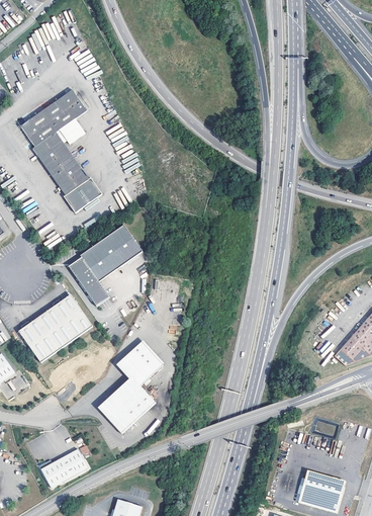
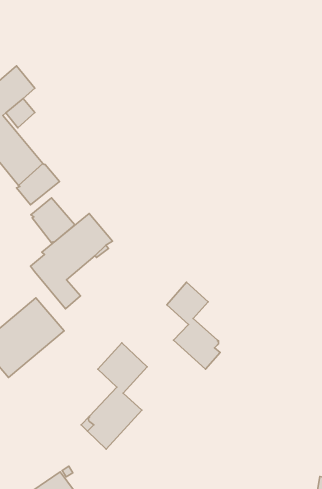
building: none -> [31,198,75,243]
building: none -> [167,282,220,369]

